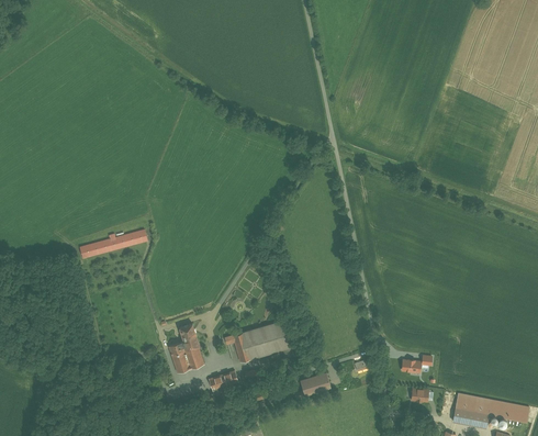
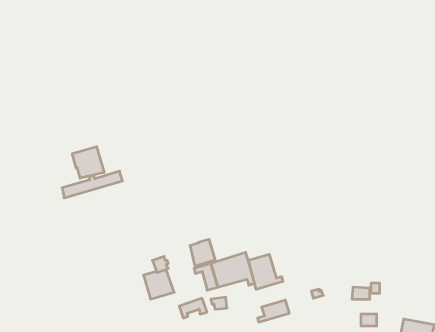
building: none -> [72,147,104,178]
building: none -> [190,239,215,266]
building: none -> [249,254,283,289]

